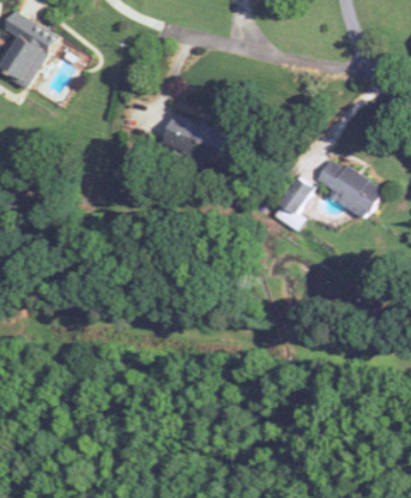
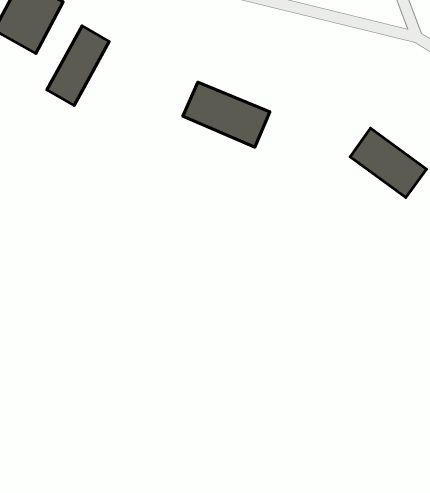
building: none -> [47,26,109,105]
building: [274,176,312,215] -> none

